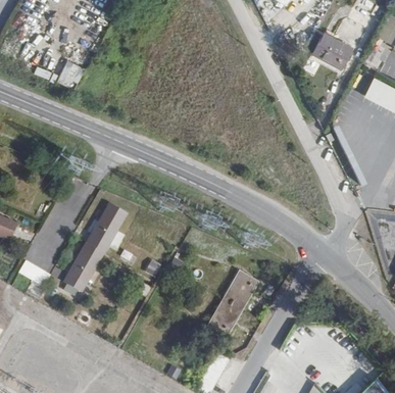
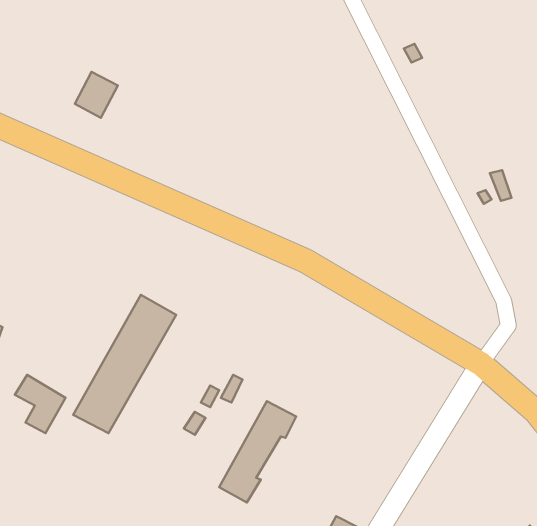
building: [311,36,350,71] -> none
building: [201,277,252,344] -> [219,401,296,503]

